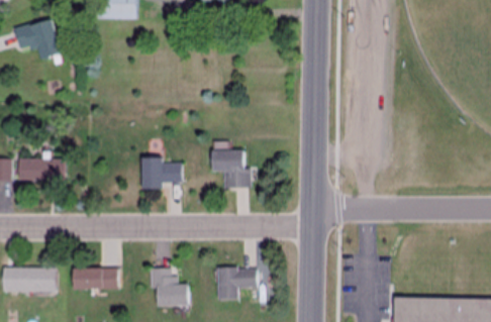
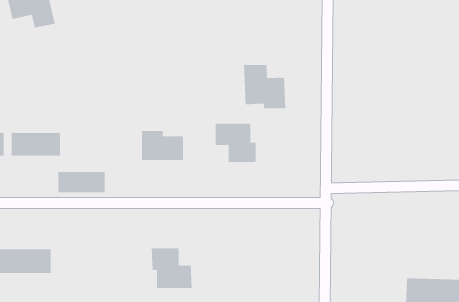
building: none -> [244,64,286,109]
building: [217,266,259,298] -> none
building: [73,269,118,289] -> [57,172,105,193]

